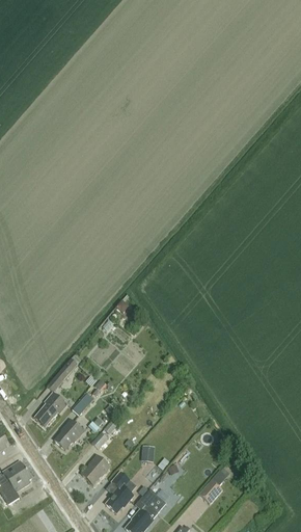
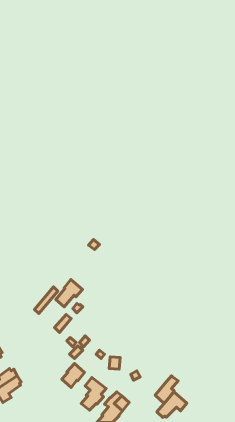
building: [34,392,67,426] -> [56,279,82,307]
building: [54,419,84,449] -> none
building: none -> [157,392,187,417]

